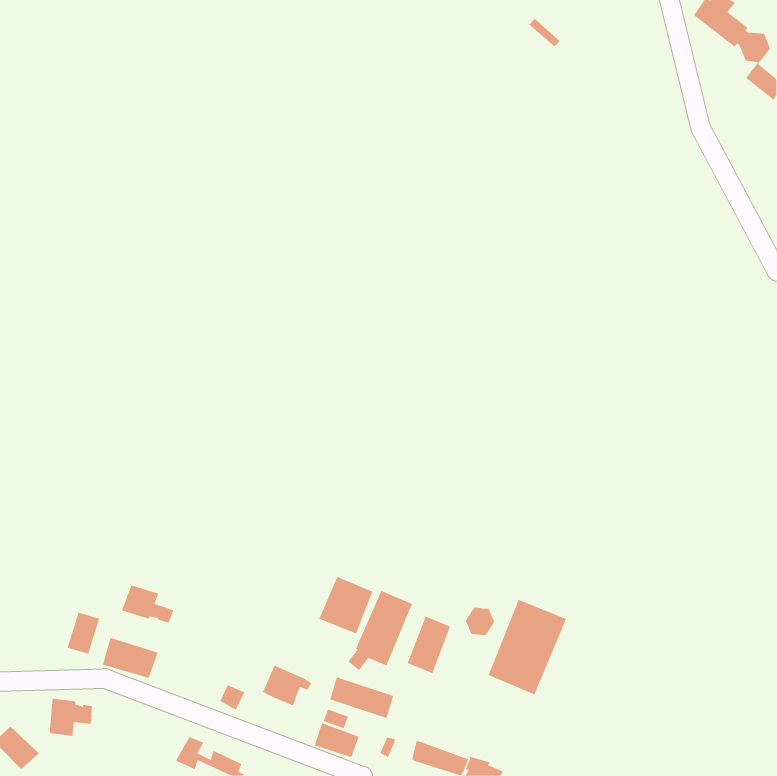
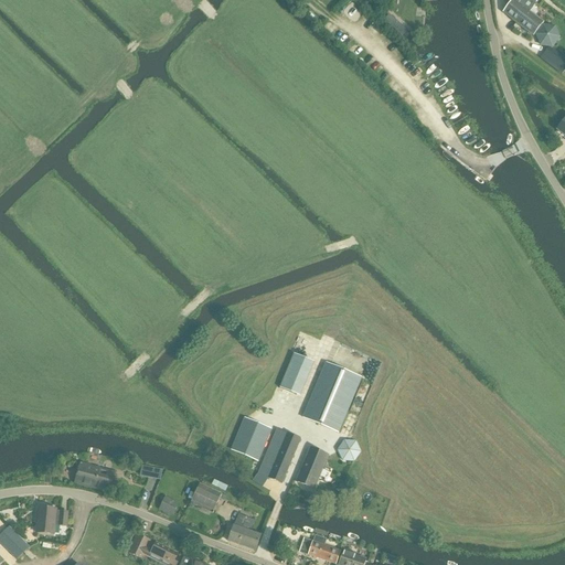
building: none -> [278,352,313,394]
building: [121,585,174,624] -> none
building: [488,599,567,695] -> [302,361,360,430]
building: [67,612,100,655] -> none
building: [330,676,394,719] -> none

